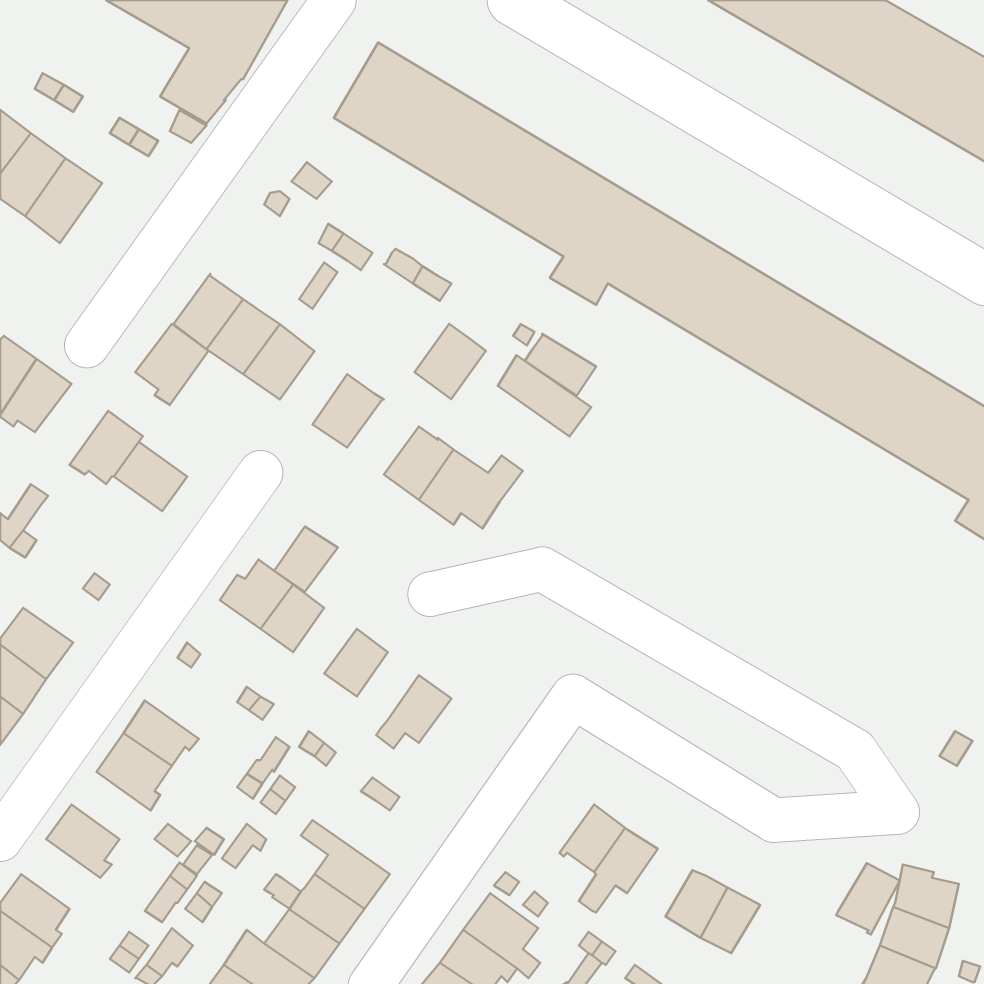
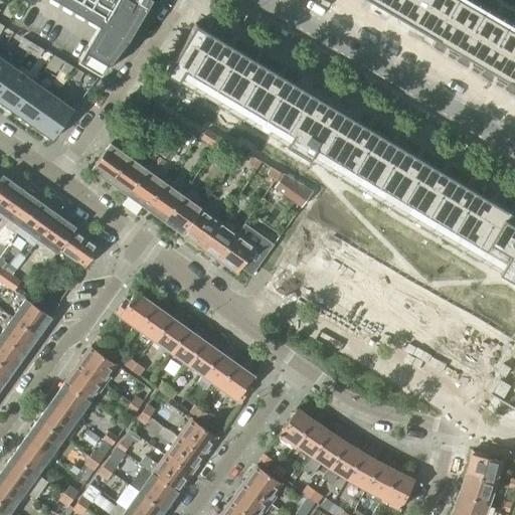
building: none -> [32,97,73,141]
building: [415,324,486,399] -> [182,209,219,248]
building: [135,324,209,405] -> [19,201,57,243]
building: none -> [147,184,182,222]
building: [498,355,591,436] -> none
building: [274,526,338,592] -> [154,318,187,352]
building: none -> [13,300,51,336]
building: none -> [187,341,219,376]
building: none -> [76,347,116,386]
building: none -> [219,365,253,403]
building: none -> [38,403,79,439]
building: none -> [278,410,311,446]
building: none -> [177,417,217,457]
building: none -> [12,439,53,475]
building: none -> [320,444,362,485]
building: [836,863,900,934] -> [381,473,414,510]

